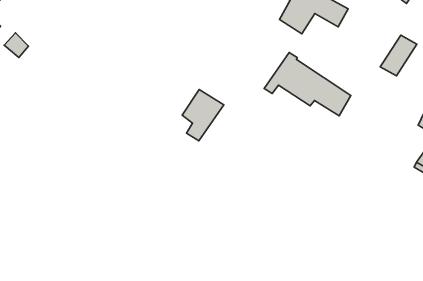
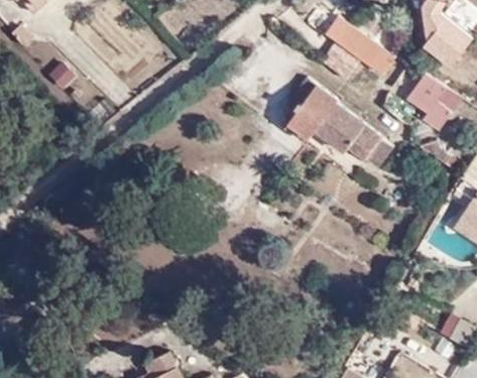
building: none -> [406,68,448,115]
building: [182,90,224,141] -> [285,78,330,131]

